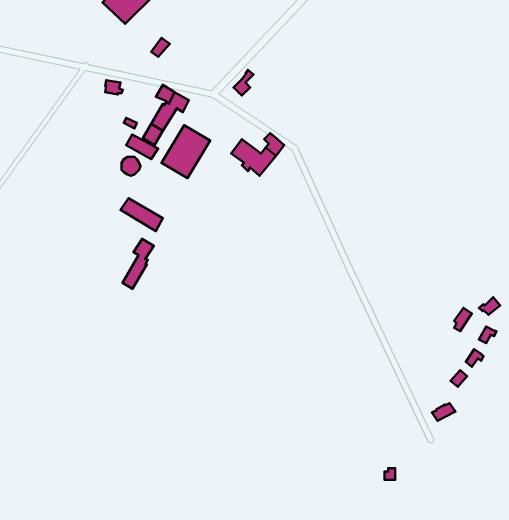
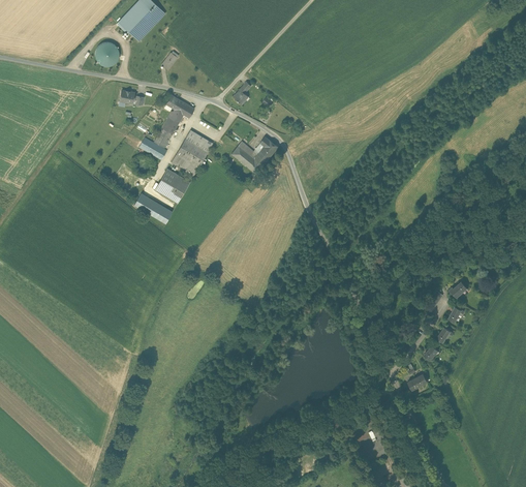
building: none -> [96,42,119,65]
building: none -> [155,169,189,203]
building: [122,239,154,289] -> none

